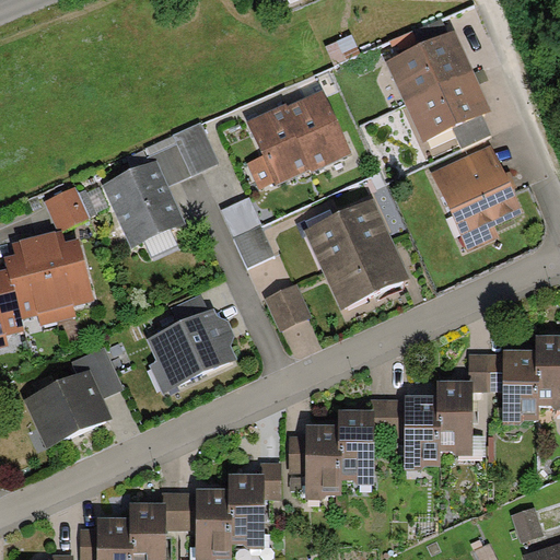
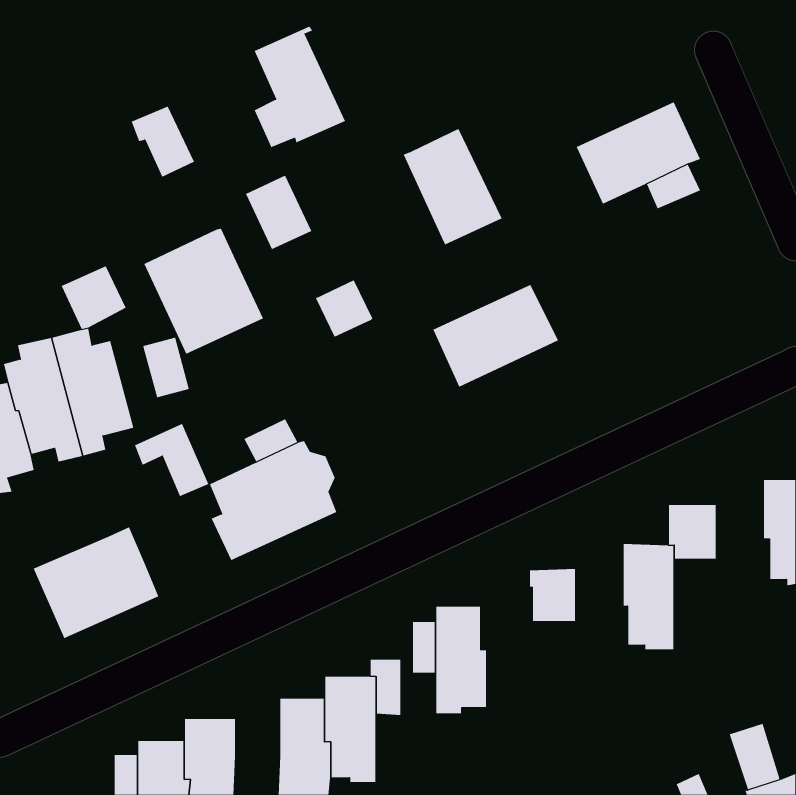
building: [385,31,472,103] -> none
building: [246,103,311,188] -> [254,26,346,148]
building: [145,136,190,186] -> [131,106,195,178]
building: [431,144,523,250] -> none
building: [233,224,275,267] -> none
building: none -> [143,337,189,398]
building: [322,238,409,311] -> none
building: [264,283,312,331] -> none
building: [71,346,124,397] -> [134,423,209,497]
building: [502,349,539,425] -> none
building: [404,395,440,470] -> none
building: [337,411,373,483] -> none
building: [162,492,196,529] -> none

